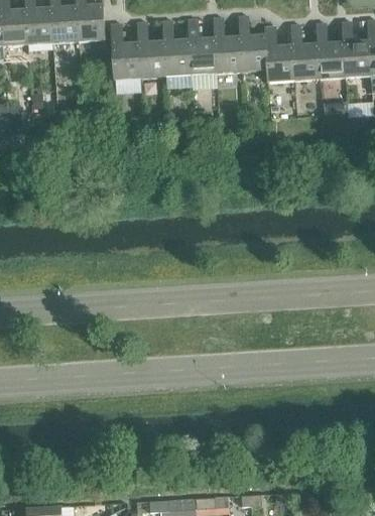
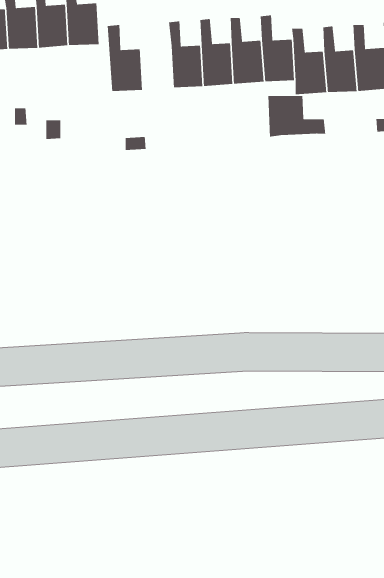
building: [136,22,165,79] -> none
building: none -> [268,95,326,137]

